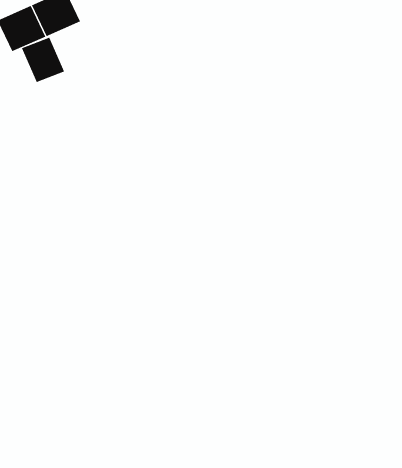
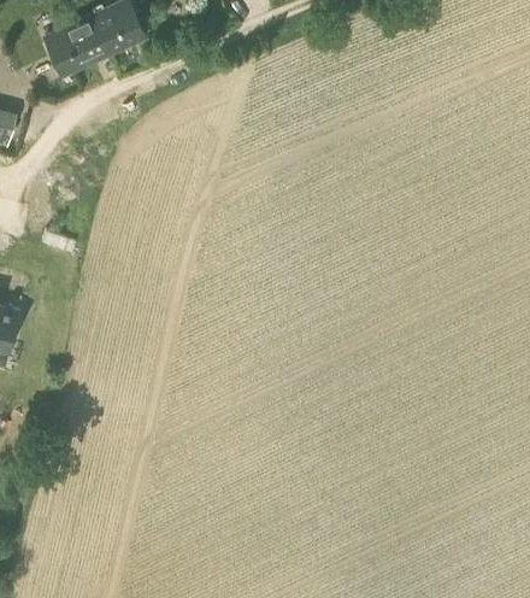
building: [21,37,65,83] -> none

